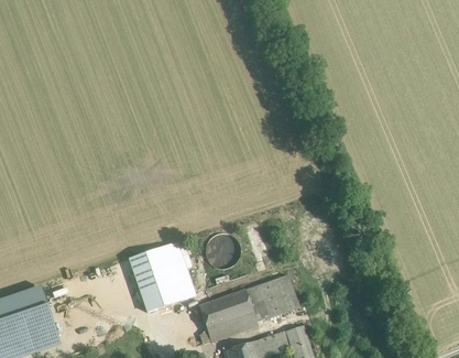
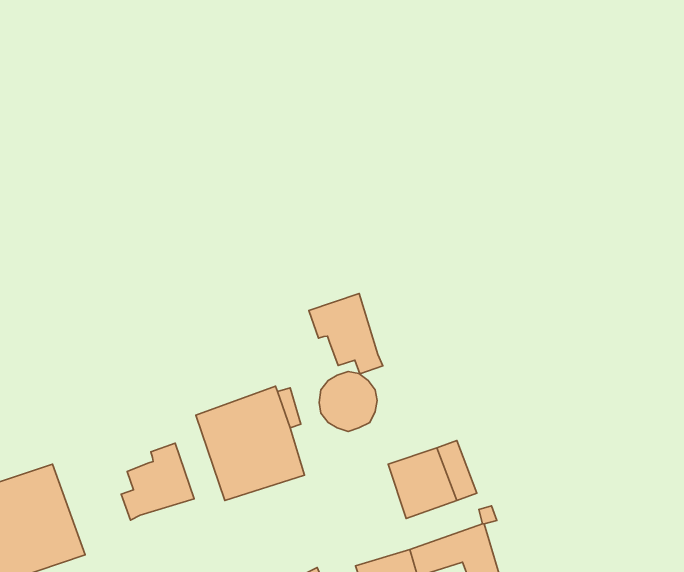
building: none -> [309,294,383,374]
building: none -> [121,443,194,520]
building: [199,288,258,340] -> none

